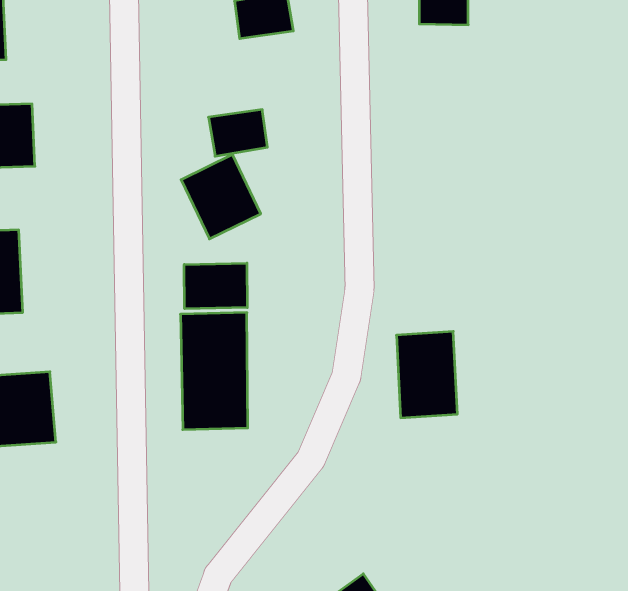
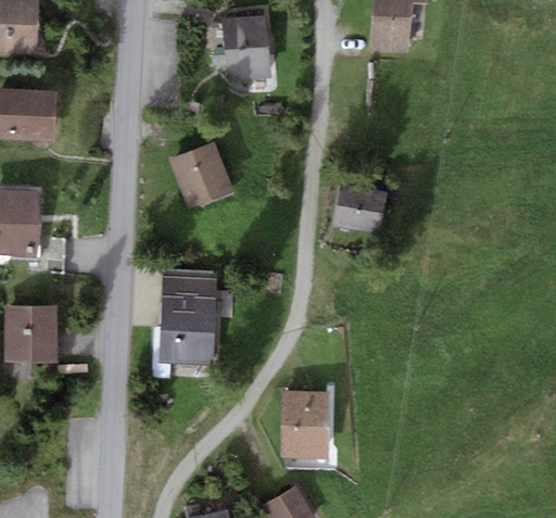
building: [208,110,267,156] -> [225,47,270,81]
building: none -> [332,184,387,233]
building: [184,263,247,309] -> none
building: [396,331,457,418] -> [281,392,328,458]

